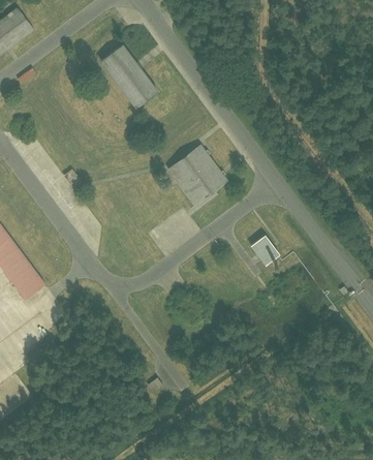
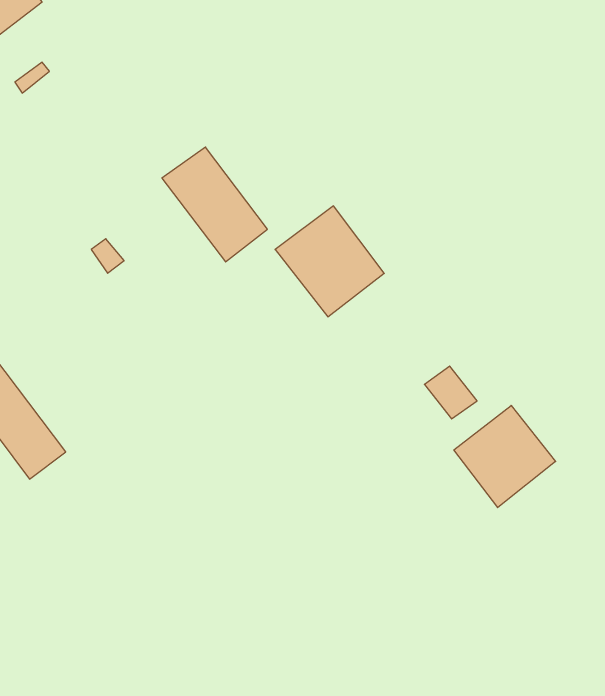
building: [97,42,157,108] -> [162,147,267,262]
building: none -> [454,405,556,508]

